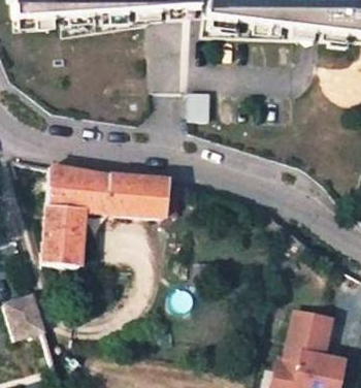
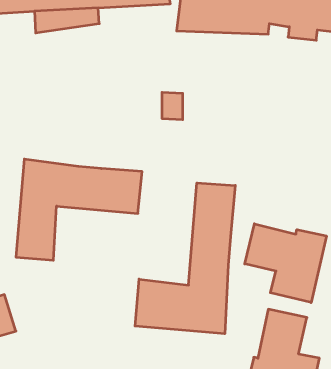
building: none -> [135,183,235,334]
building: none -> [245,224,326,303]

